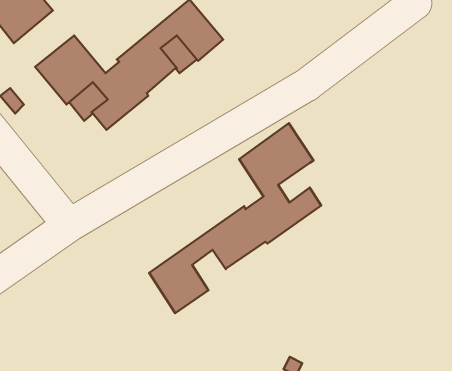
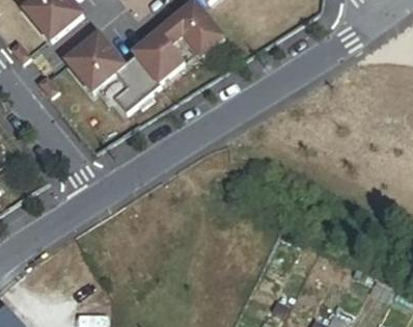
building: [149,123,321,313] -> none

